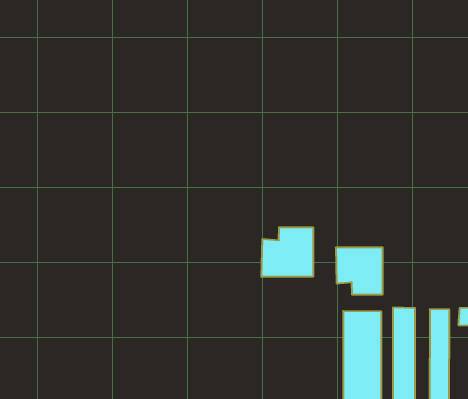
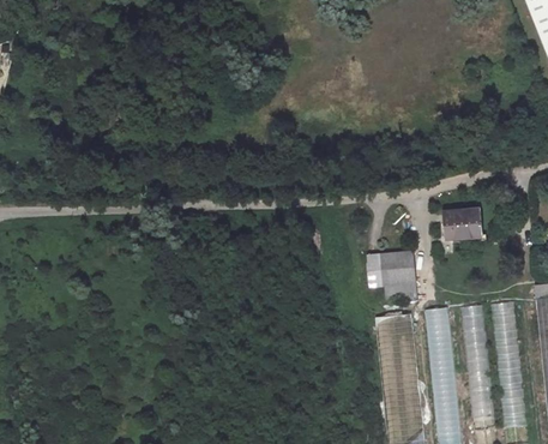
building: none -> [442,206,482,239]
building: [262,227,313,277] -> none

